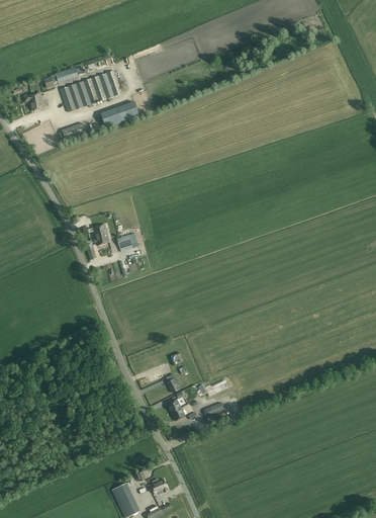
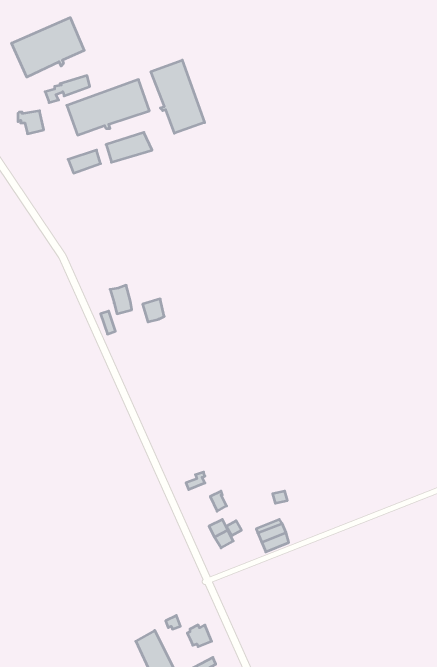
building: none -> [12,18,84,77]
building: none -> [151,60,205,133]

